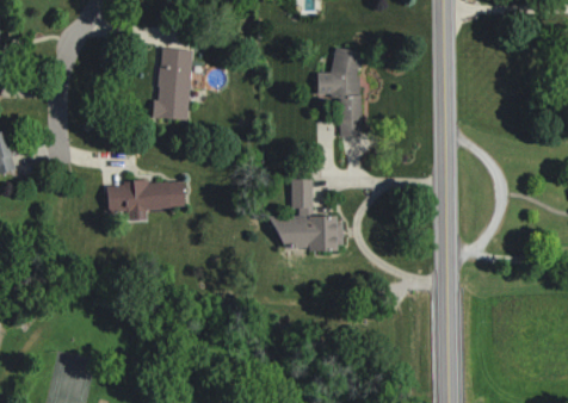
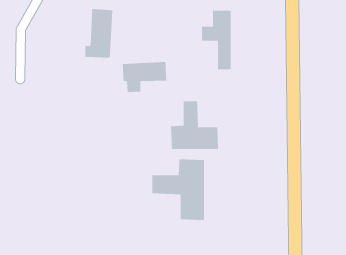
building: [119,180,184,224] -> [122,61,167,93]
building: none -> [152,158,205,221]

